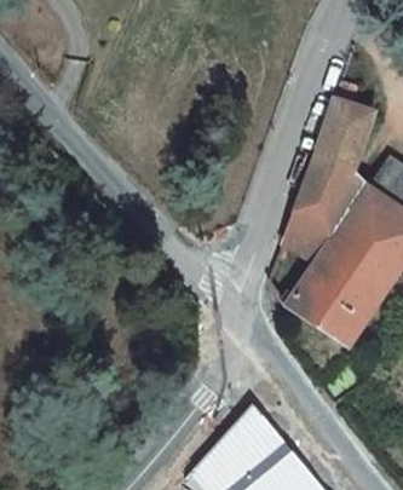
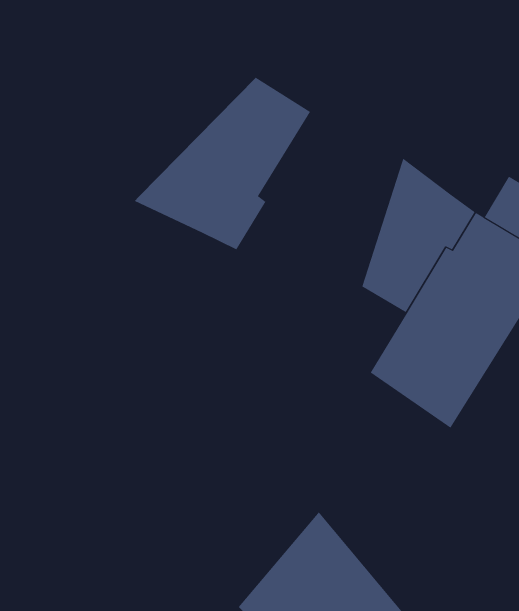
building: none -> [134,77,311,250]
building: [315,98,372,174] -> none

